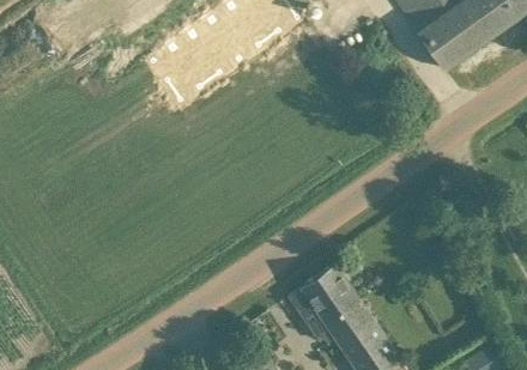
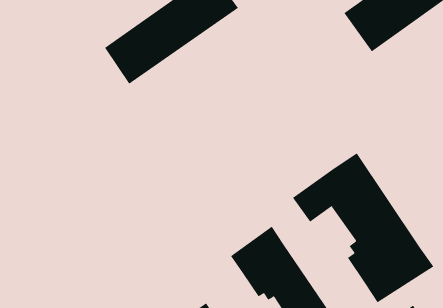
building: none -> [292,153,434,303]

